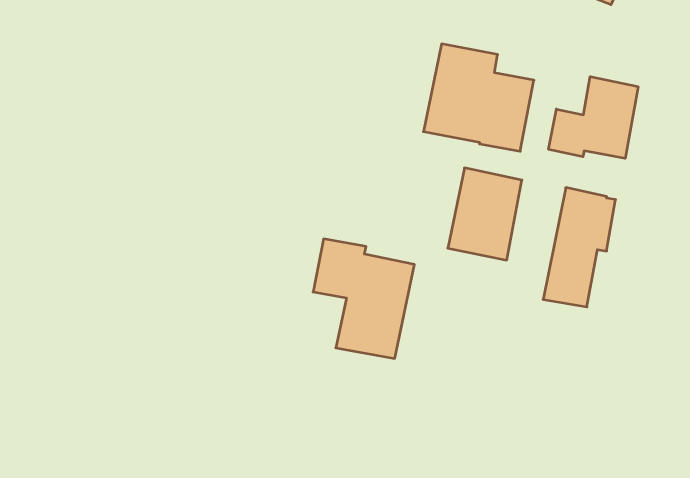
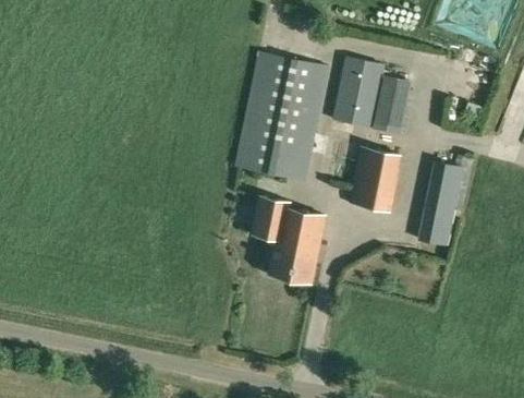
building: none -> [234,52,330,182]
building: [549,77,638,158] -> none

